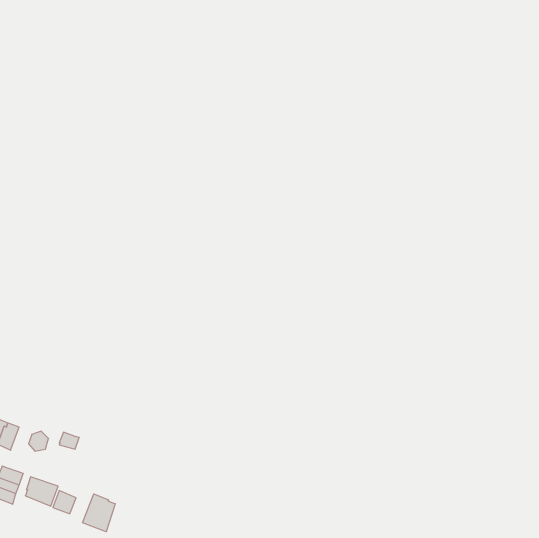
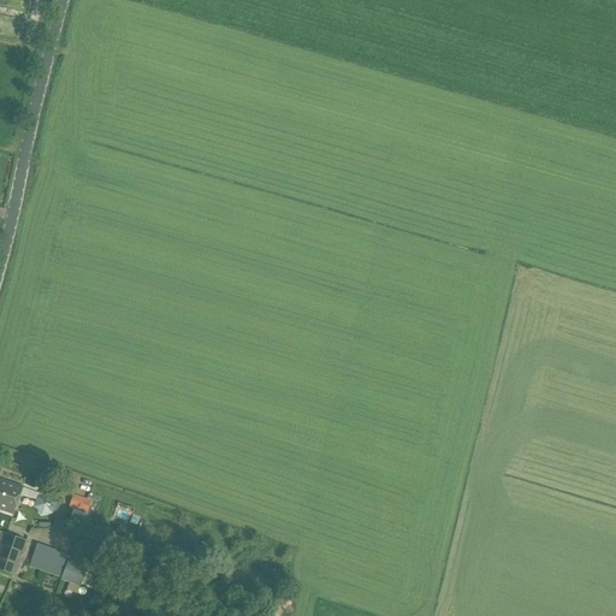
building: [82,494,115,532] -> none

